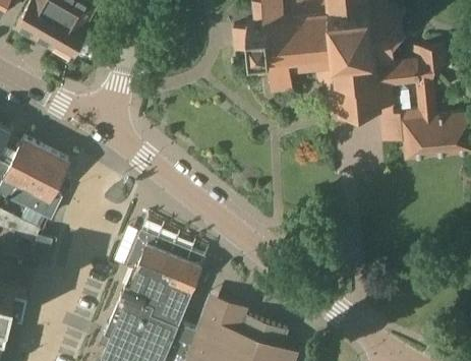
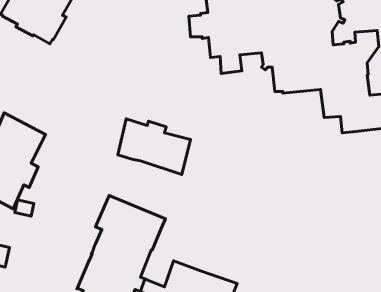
building: none -> [118,119,190,175]

